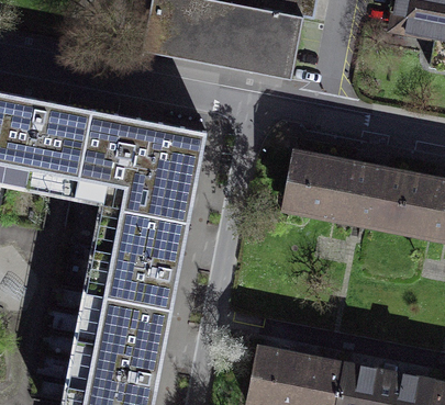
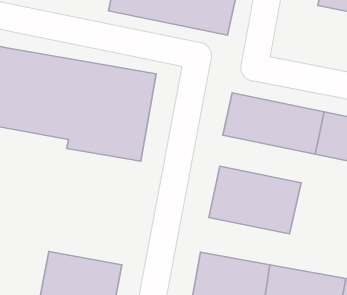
building: [71,220,183,361] -> none
building: none -> [209,166,301,234]

